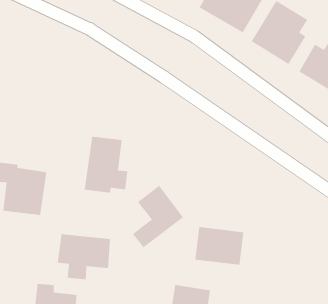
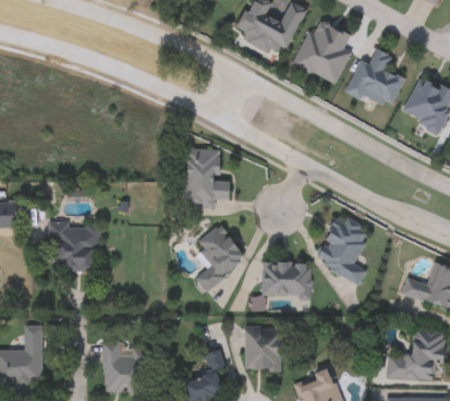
building: [84,136,128,193] -> [186,149,230,206]
building: none -> [314,215,370,283]
building: [57,234,110,280] -> none

